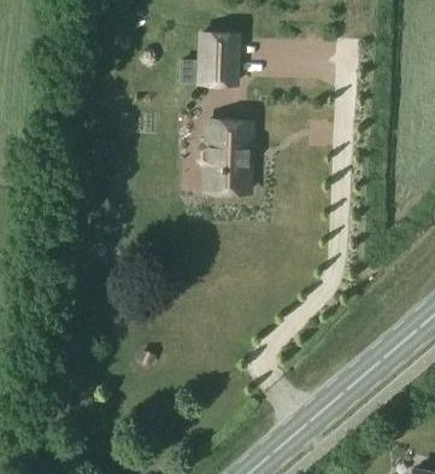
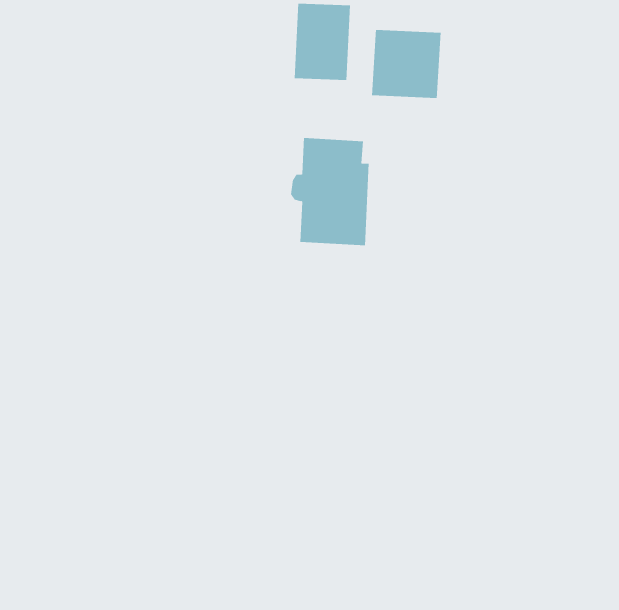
building: none -> [372,29,441,99]

